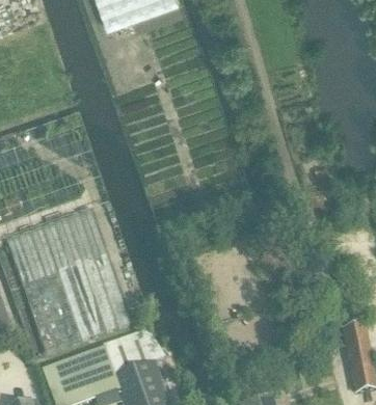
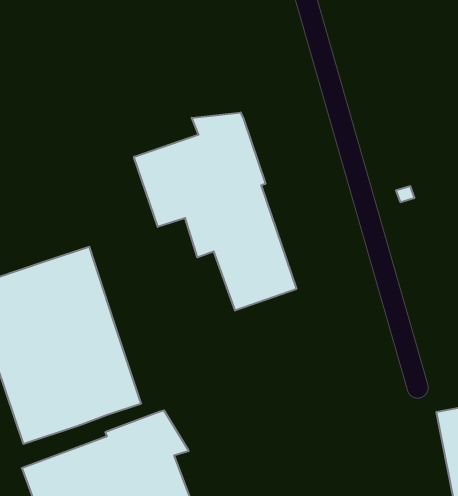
building: none -> [134,112,296,311]

